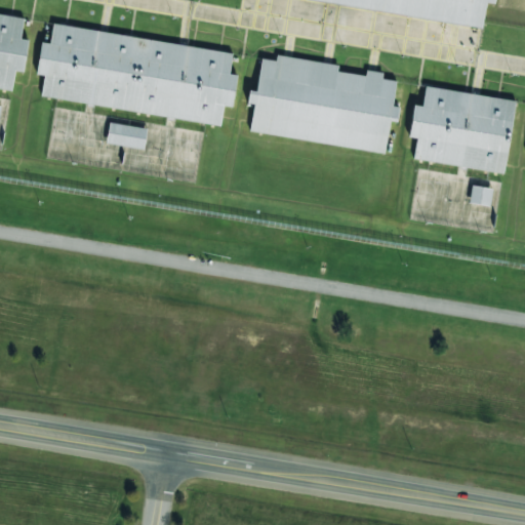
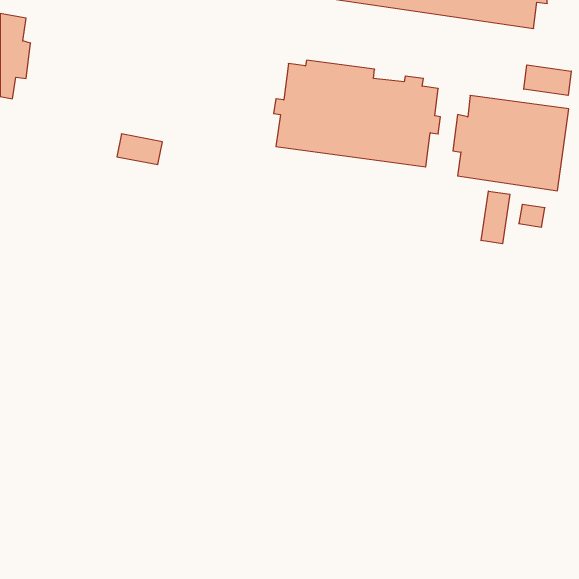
building: [38,25,237,123] -> none
building: none -> [524,65,571,95]
building: none -> [481,191,510,244]

